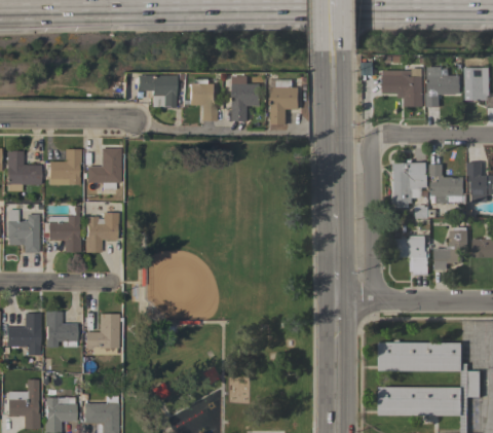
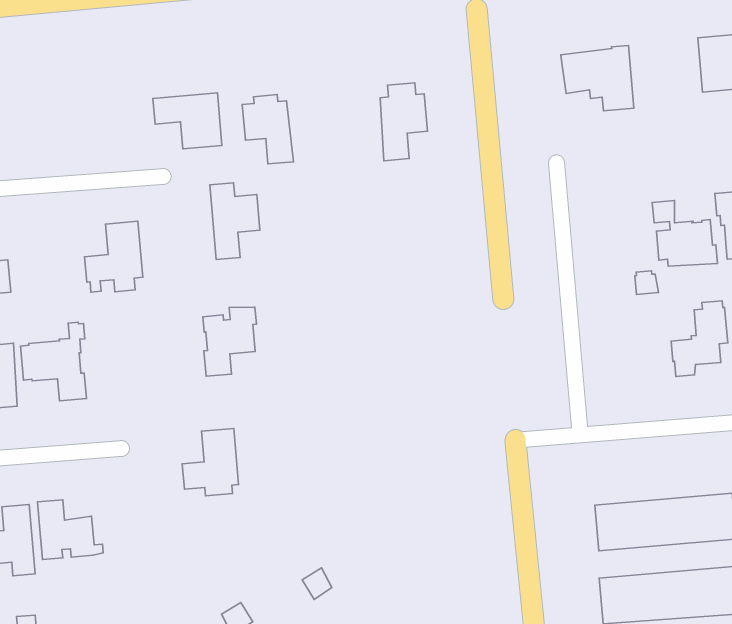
building: [428,67,461,106] -> none
building: [233,75,261,120] -> [210,183,260,260]
building: [49,149,80,185] -> none
building: [393,159,428,207] -> none
building: [85,212,118,252] -> [203,307,256,376]
building: [396,236,430,275] -> none
building: [85,314,118,353] -> [182,429,239,496]

